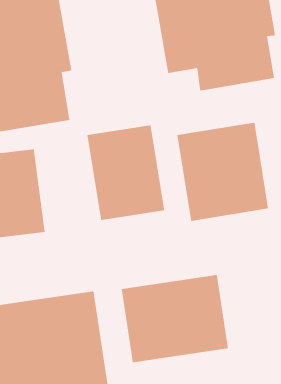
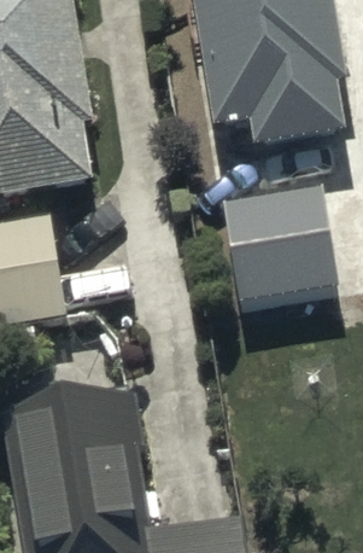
building: [87,125,165,221] -> none
building: [121,274,229,363] -> none

